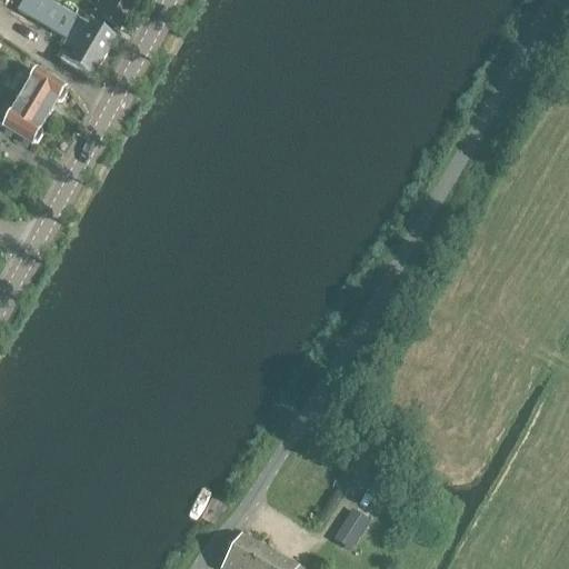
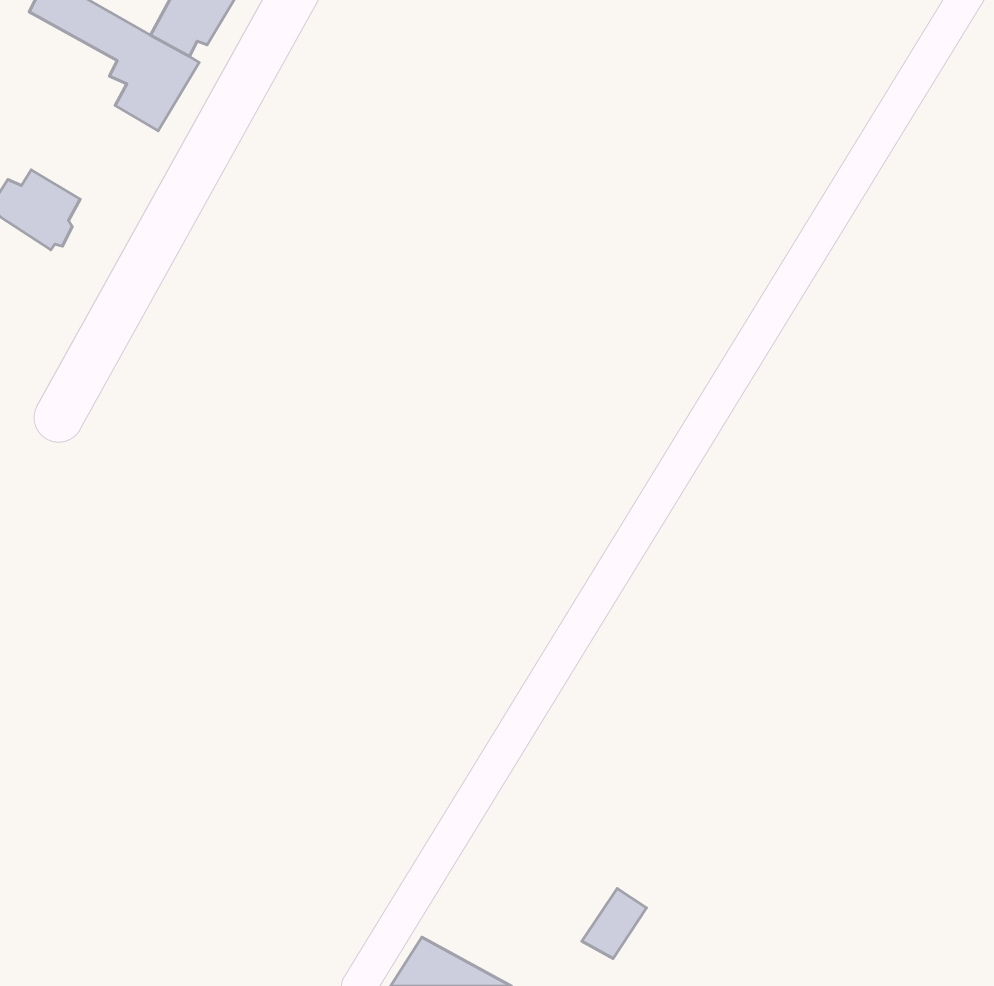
building: [7,68,64,113] -> none

